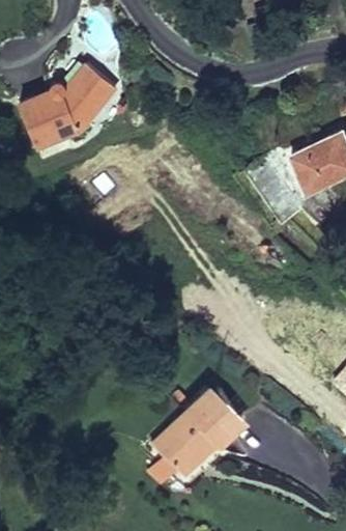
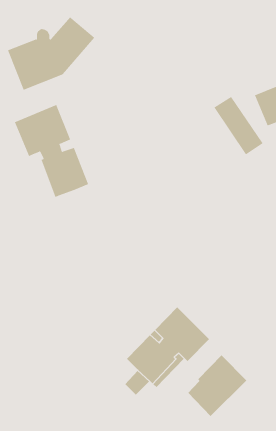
building: none -> [14,104,89,198]
building: none -> [187,354,247,417]

